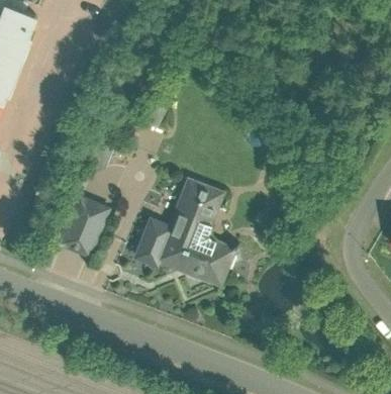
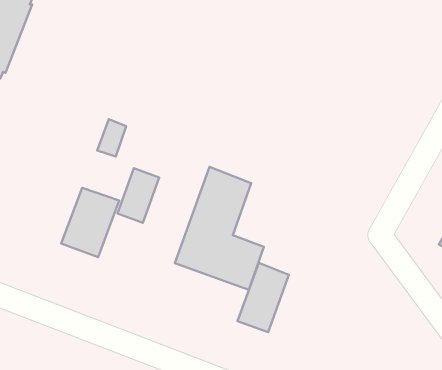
building: [134,217,171,265] -> [117,168,159,223]
building: none -> [237,263,289,332]

